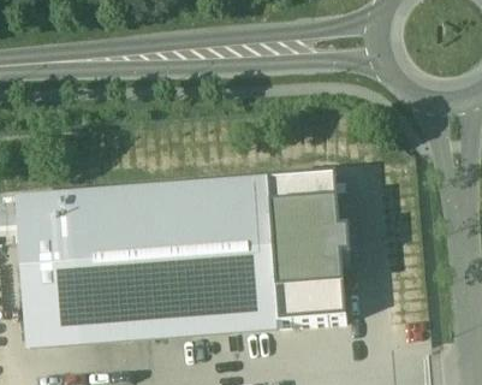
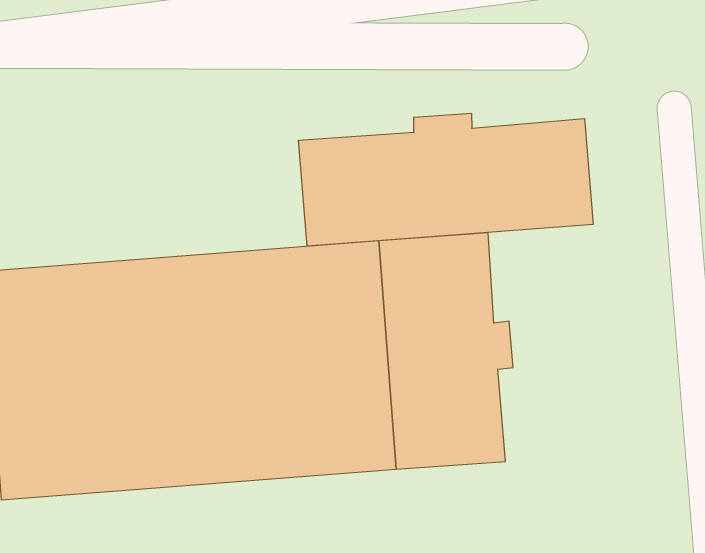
building: none -> [299,113,593,246]

